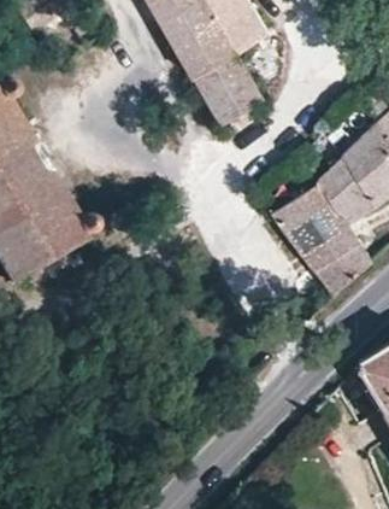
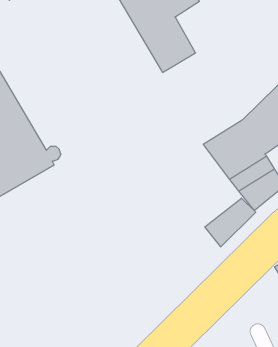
building: none -> [205,198,256,247]

